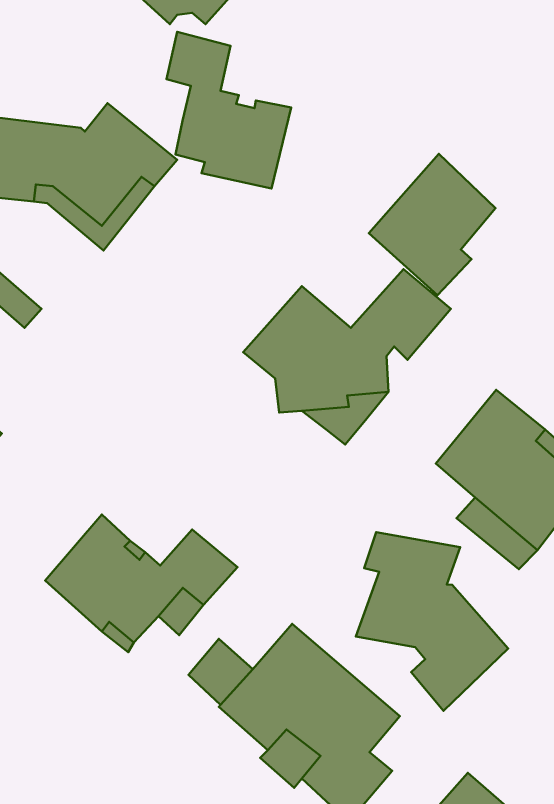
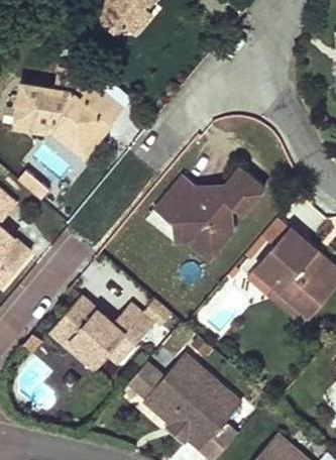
building: [166,32,291,189] -> none
building: [369,154,495,295] -> none
building: [356,532,508,711] -> none

